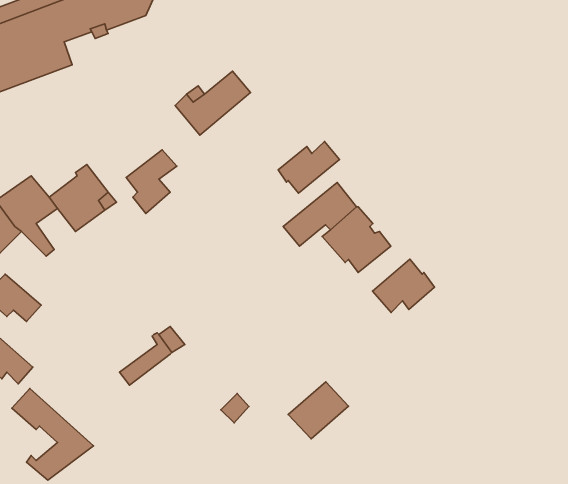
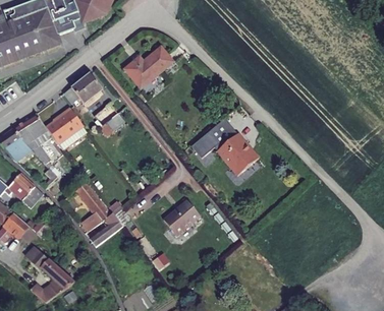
building: none -> [63,73,102,105]
building: [278,142,339,193] -> none
building: [373,259,435,312] -> none
building: none -> [76,182,112,230]
building: [288,382,349,439] -> [163,199,201,235]

